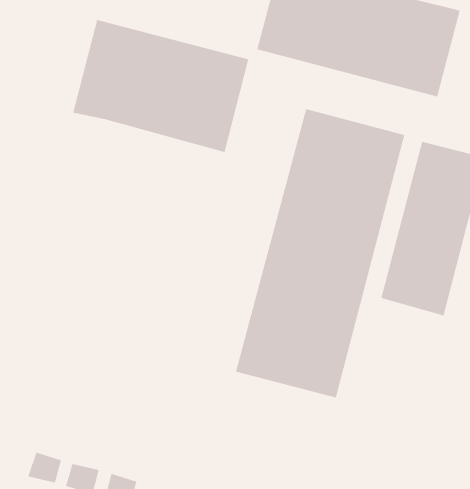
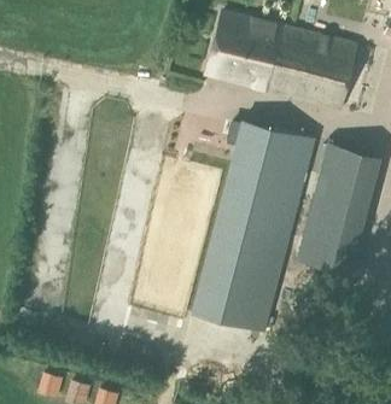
building: [73,19,249,153] -> none

